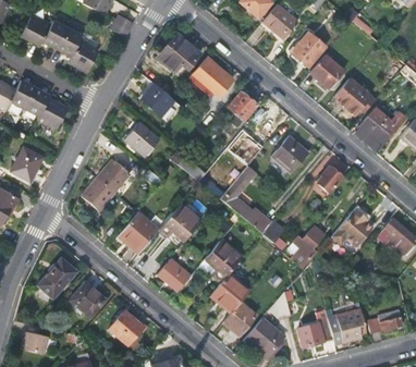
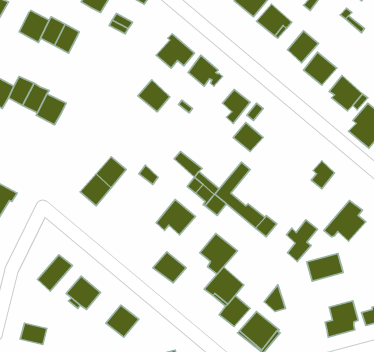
building: [68,38,99,71] -> none
building: [124,121,156,152] -> none
building: [271,135,309,172] -> none
building: [9,145,41,180] -> none
building: [118,212,158,250] -> none
building: [297,318,334,346] -> [307,253,343,281]

